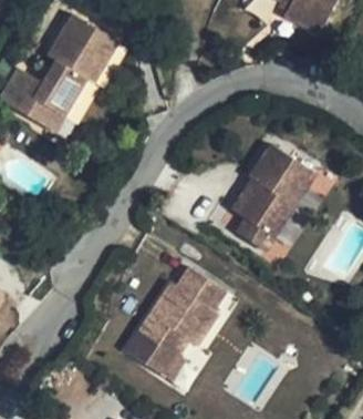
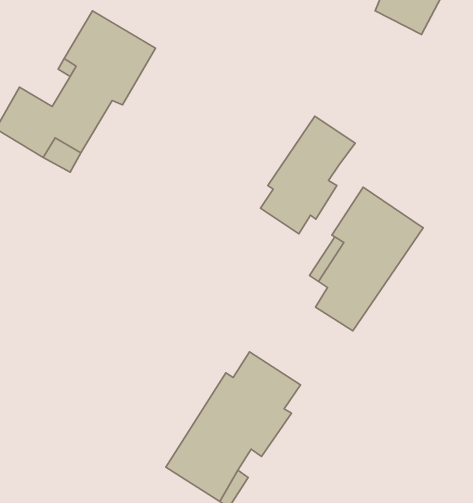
building: none -> [261,116,355,234]

